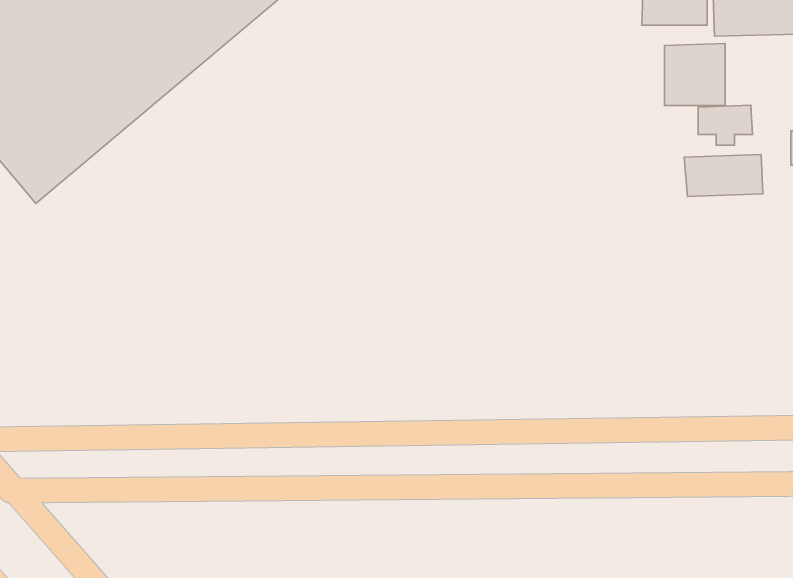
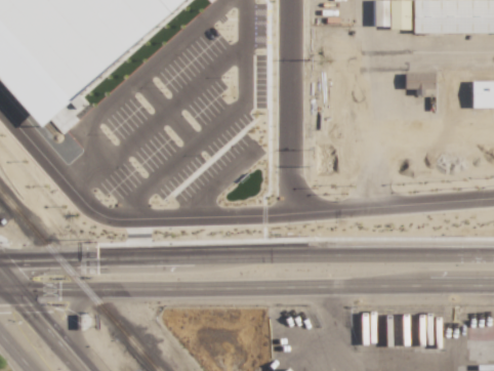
building: [664,44,725,105] -> none
building: [684,154,763,196] -> none

